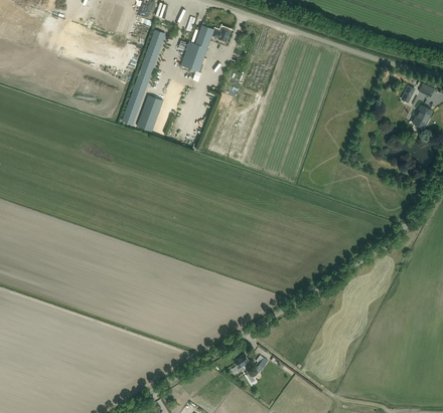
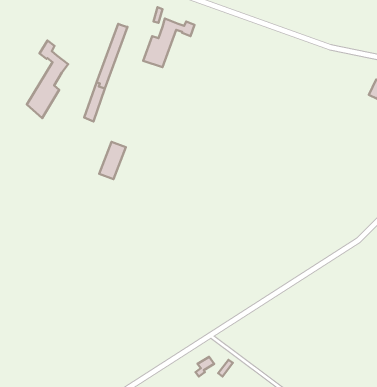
building: none -> [27,40,68,118]
building: [137,94,163,131] -> [99,142,126,179]

